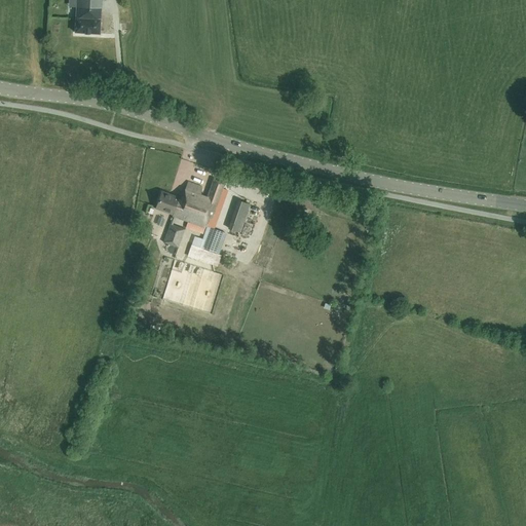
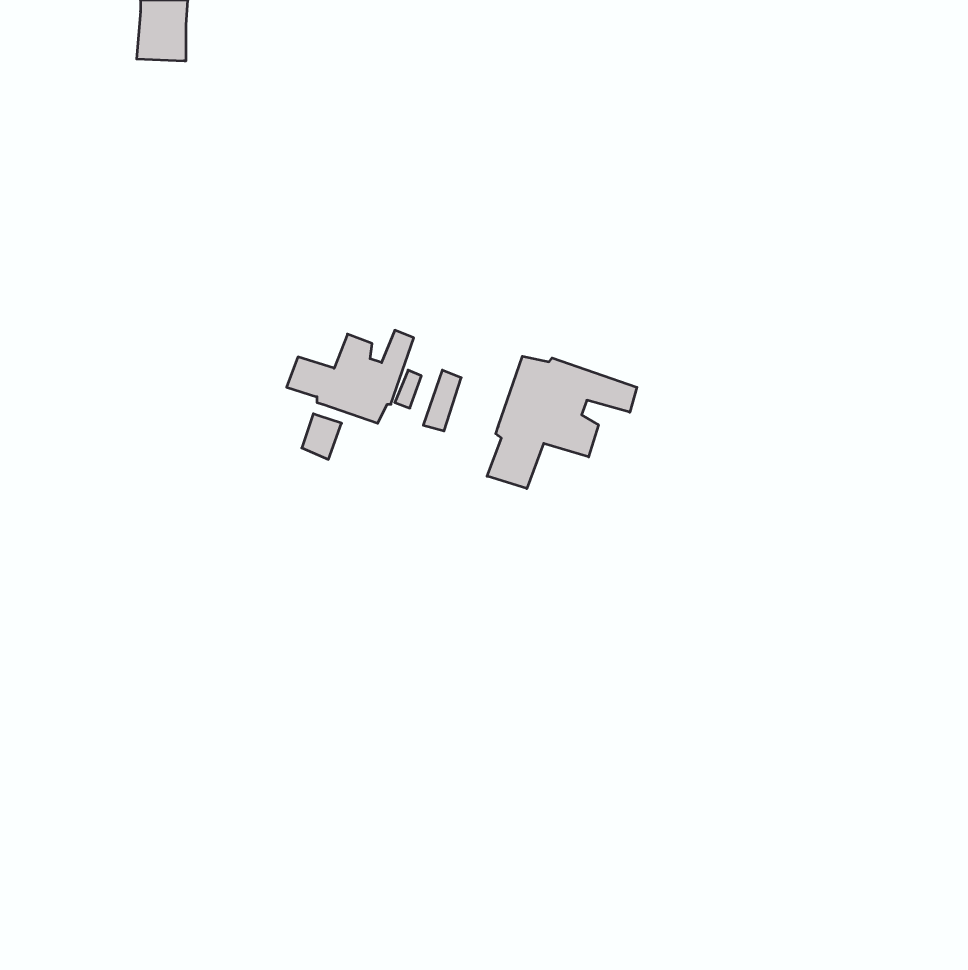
building: none -> [487,356,637,489]
building: [189,228,225,263] -> none

